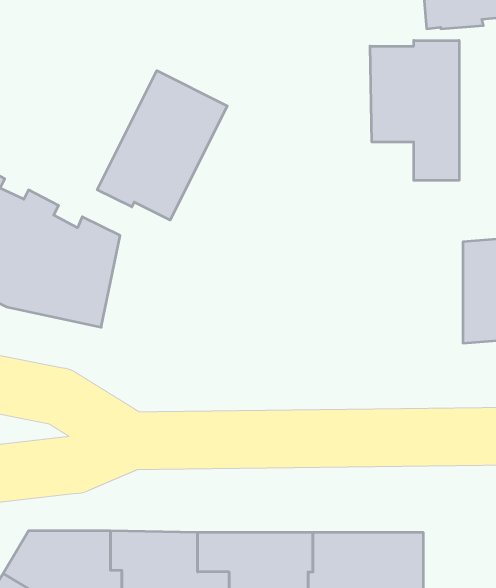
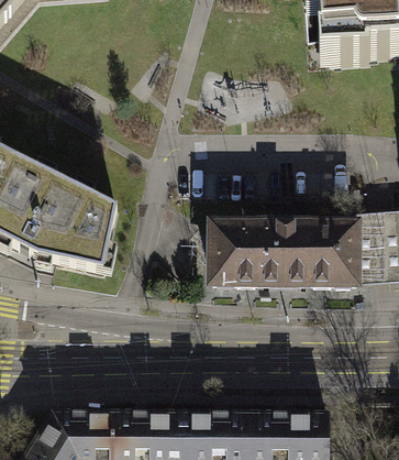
building: [370,40,459,180] -> none
building: [97,71,227,220] -> none
building: none -> [213,224,356,283]

